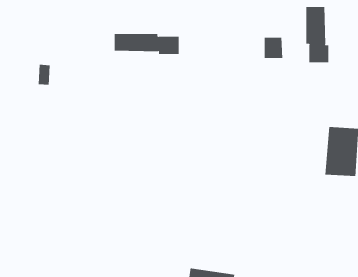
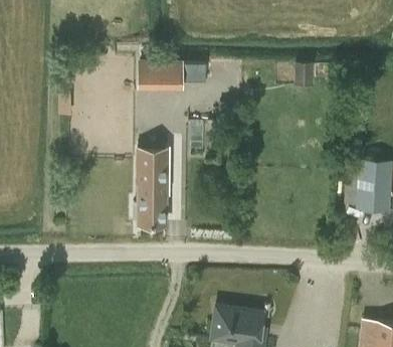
building: [306,6,329,63] -> none
building: none -> [133,151,165,226]

